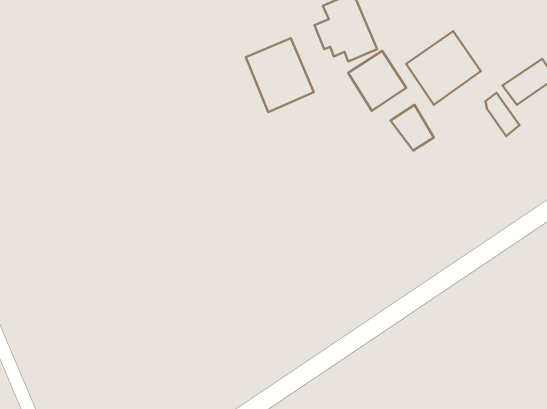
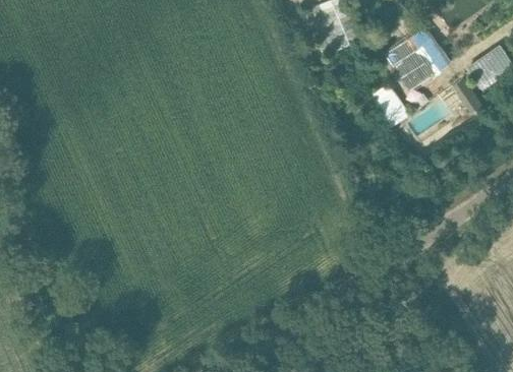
building: [246,38,314,112] -> none
building: [348,51,406,111] -> none

